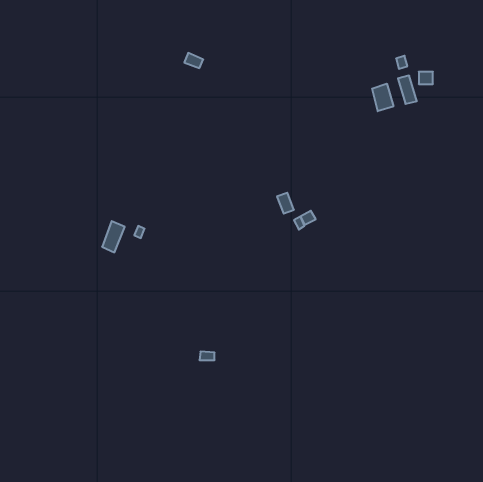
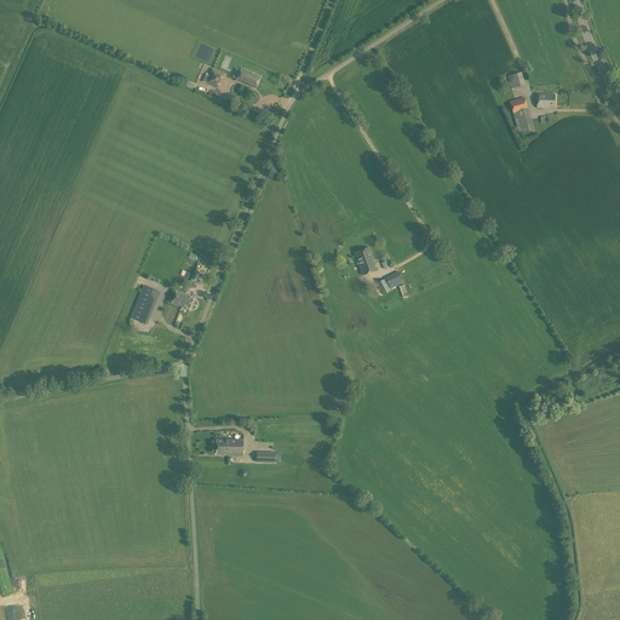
building: [372,84,393,111] -> none

